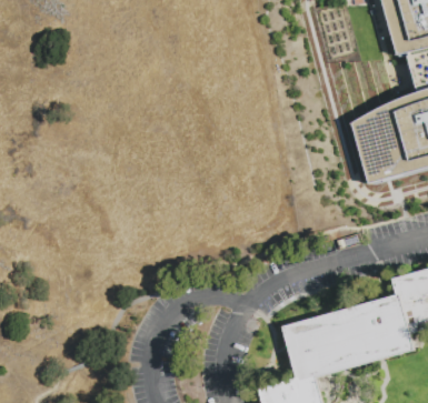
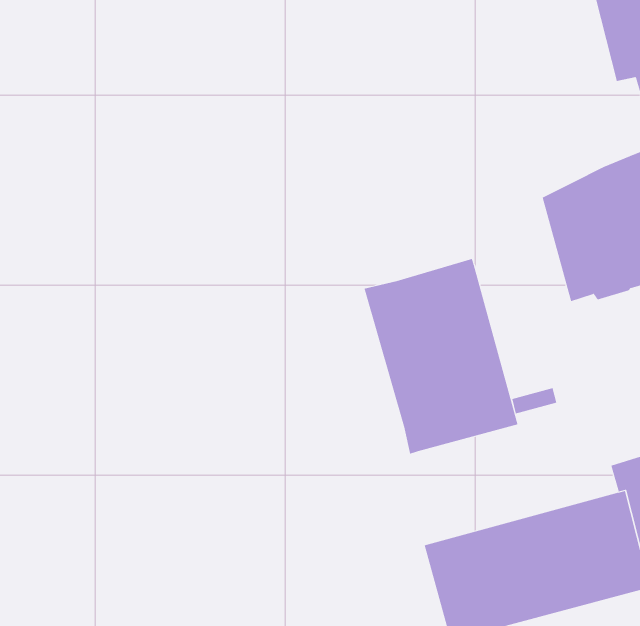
building: none -> [364,258,518,454]

